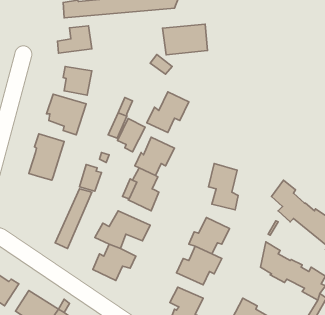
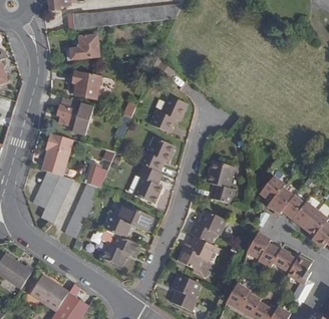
building: [163,24,207,55] -> none
building: [117,119,145,152] -> none
building: none -> [33,172,72,223]

